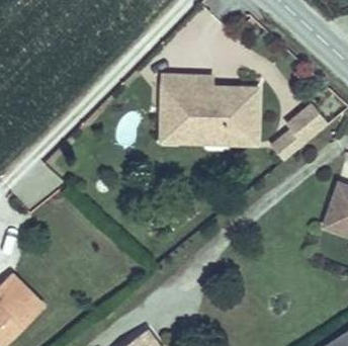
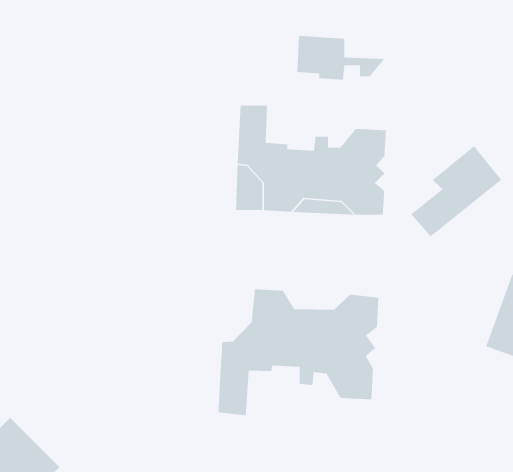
building: [178,72,236,101] -> [297,35,386,80]
building: none -> [218,289,379,416]

